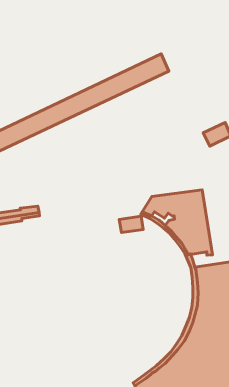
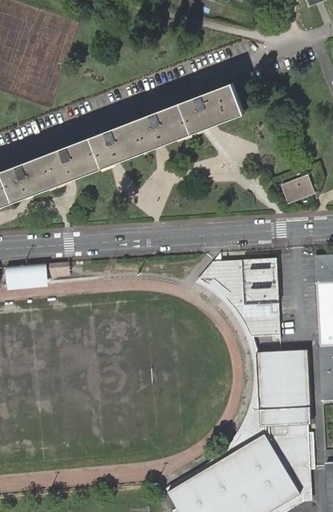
building: [119,216,143,233] -> none

